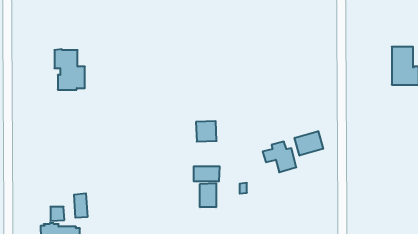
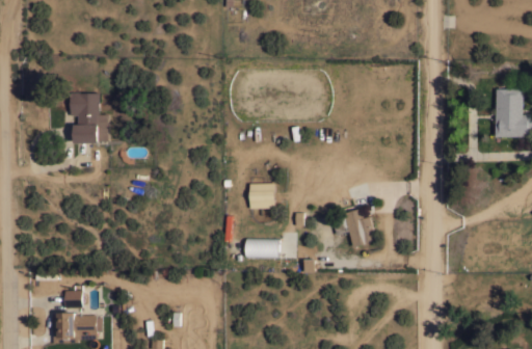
building: [295,131,323,156] -> none
building: [200,183,216,207] -> none
building: [74,193,87,218] -> none

